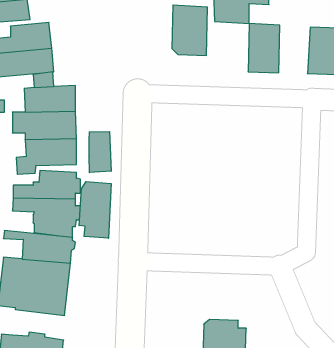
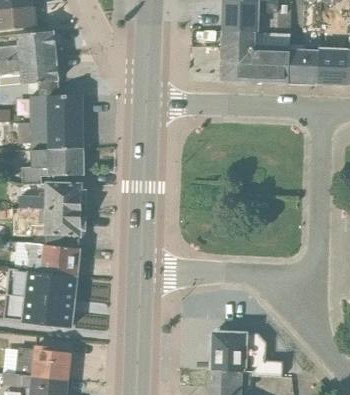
building: [172,5,207,55] -> [221,31,257,82]
building: none -> [287,45,318,84]
building: [89,132,111,173] -> none
building: [79,182,111,238] -> none

